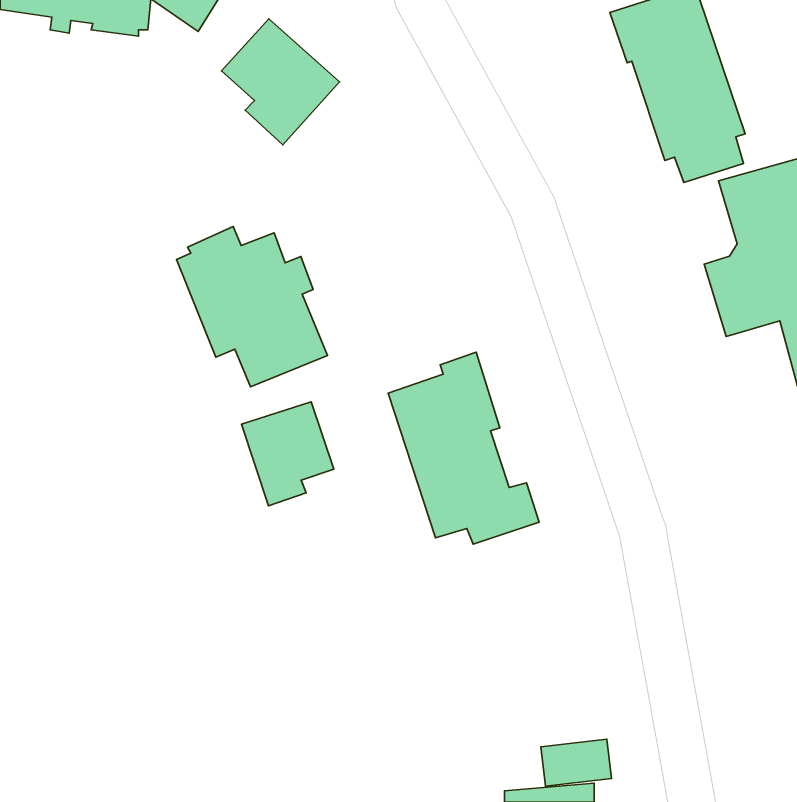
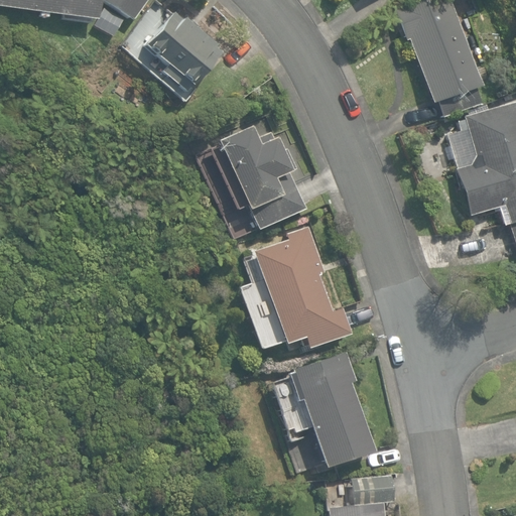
building: [177,227,327,387] -> [209,128,305,231]
building: [241,402,334,506] -> none
building: none -> [291,353,373,468]

